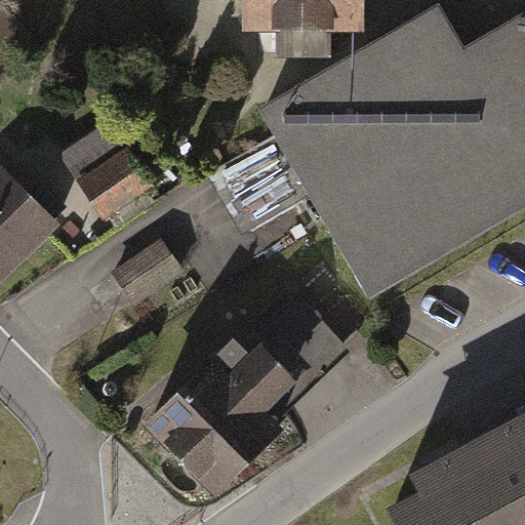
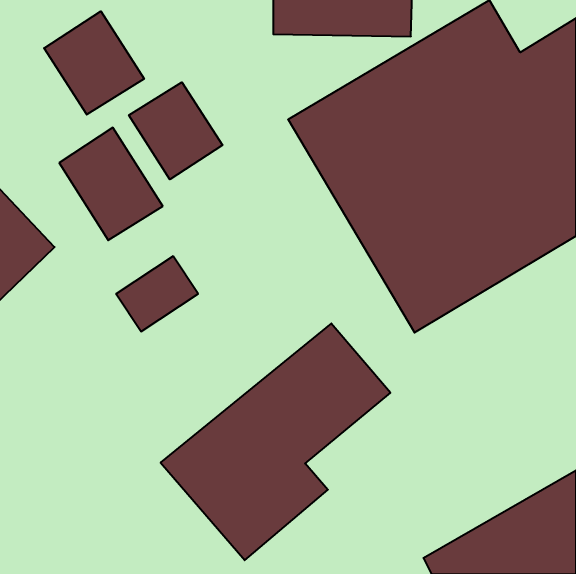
building: none -> [44,11,144,115]
building: none -> [129,82,222,179]

